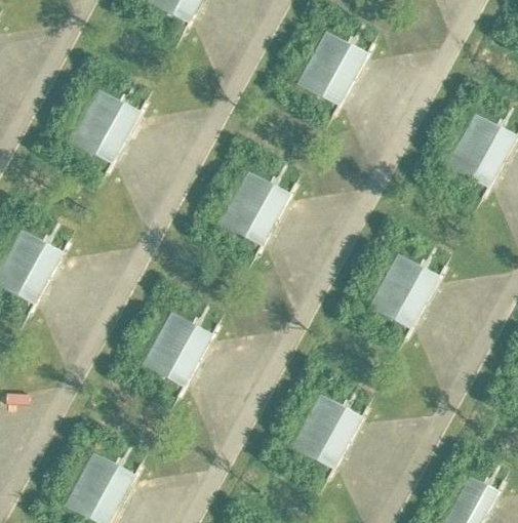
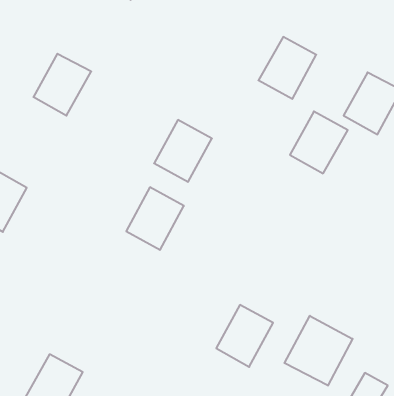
building: [294,31,364,106] -> [258,37,316,99]
building: [369,254,439,329] -> [290,111,348,173]
building: [141,311,210,387] -> [126,187,184,250]
building: none -> [284,316,353,386]

